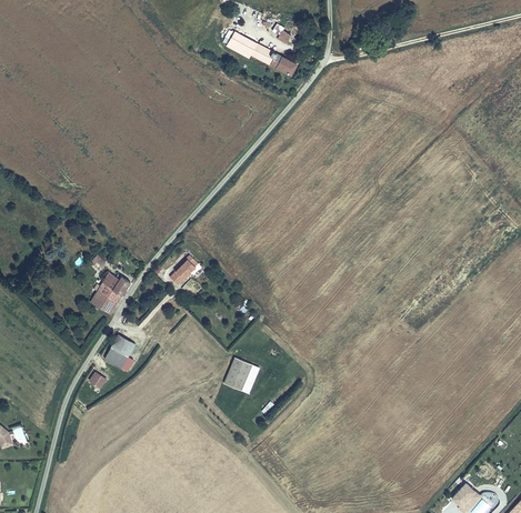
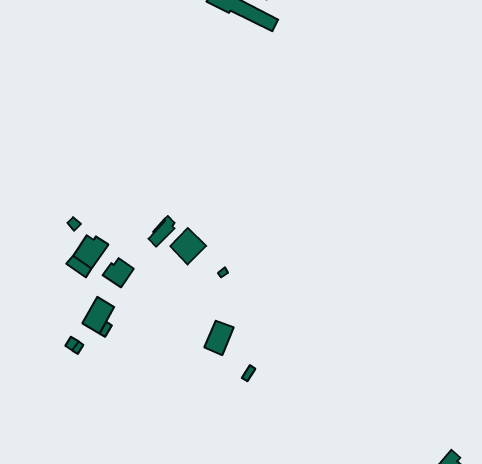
building: none -> [170,228,206,265]
building: none -> [103,258,134,287]

